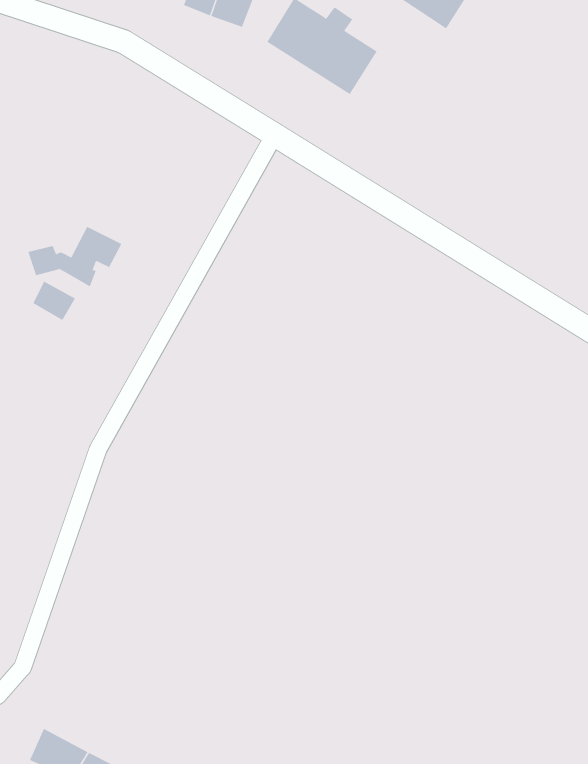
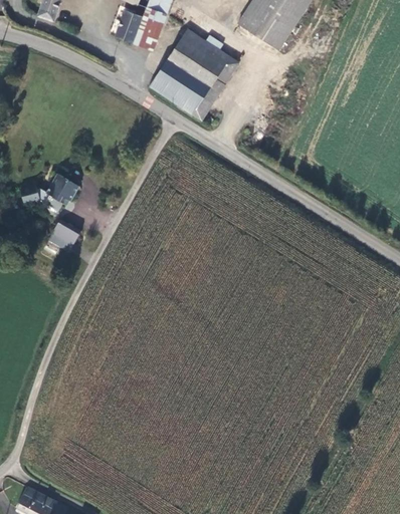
building: none -> [151,58,220,117]
building: [32,281,76,321] -> [50,220,77,245]

